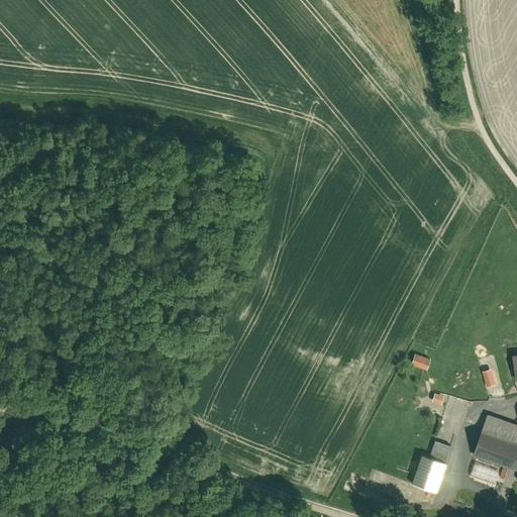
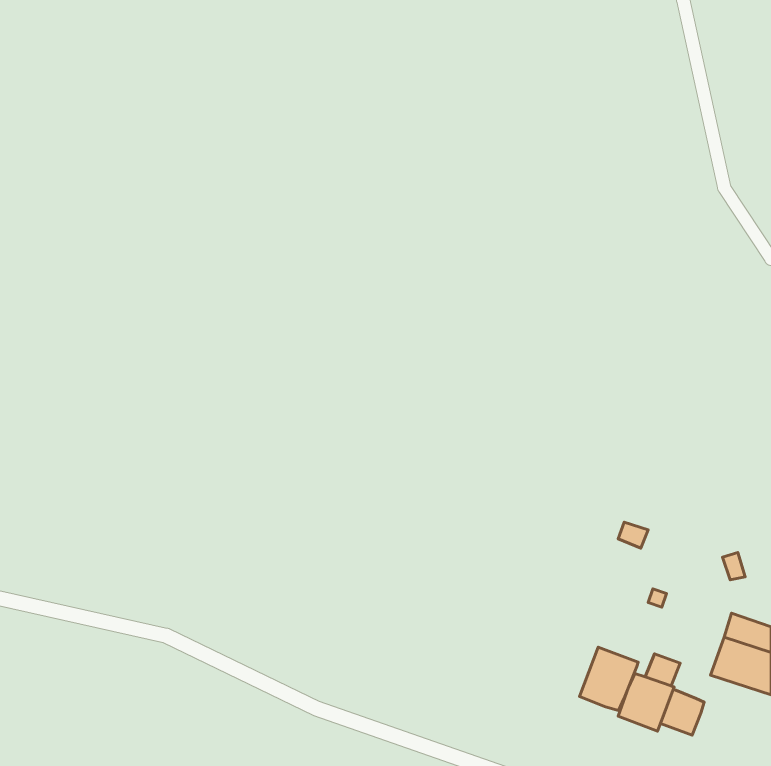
building: none -> [579,647,638,711]
building: none -> [660,689,704,735]

